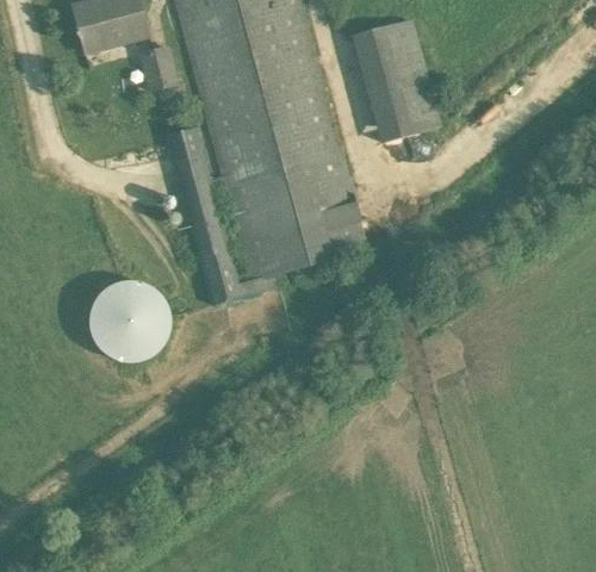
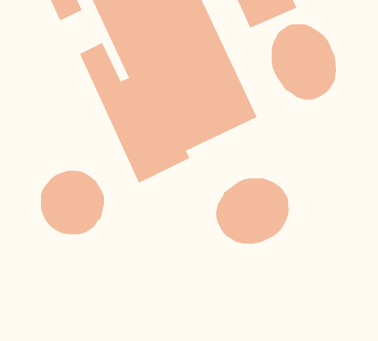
building: none -> [271,24,337,100]
building: none -> [216,178,289,244]

